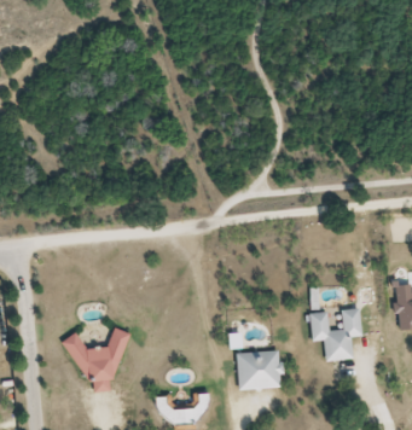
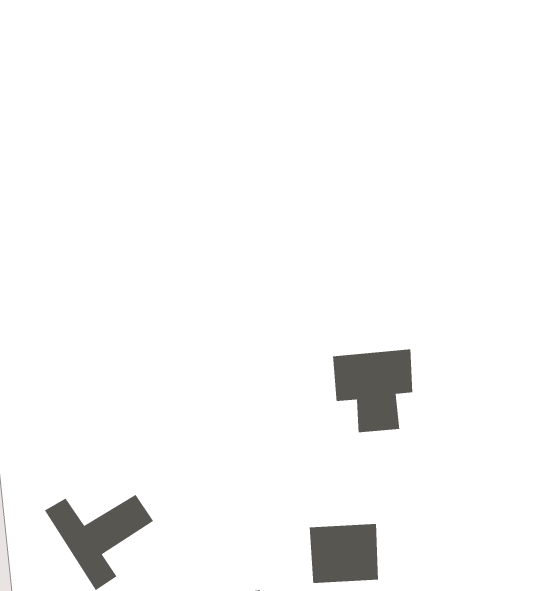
building: [308,306,361,361] -> [332,349,413,433]

